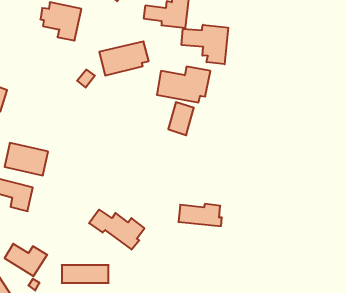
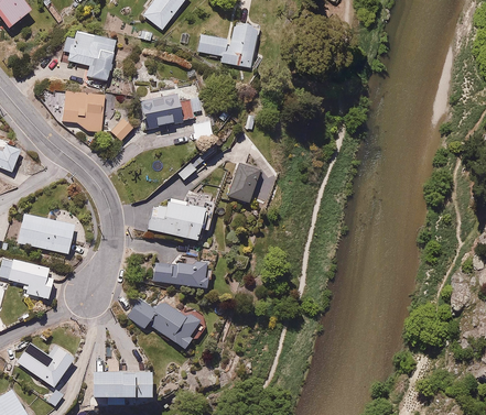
building: [182,25,228,64] -> none
building: none -> [62,91,104,132]
building: [157,67,210,103] -> [145,192,215,238]
building: [178,204,222,226] -> [152,259,208,287]

